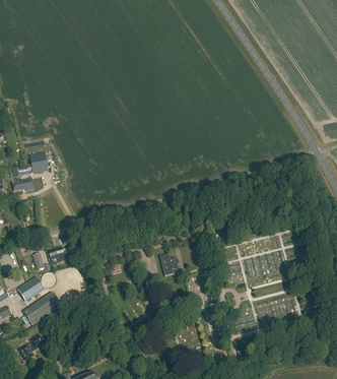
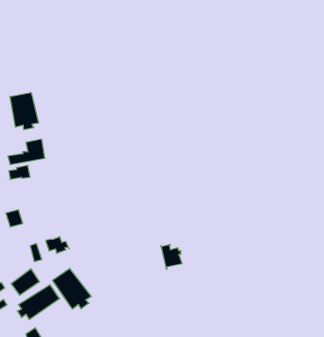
building: none -> [10,93,39,130]
building: none -> [53,268,91,309]

